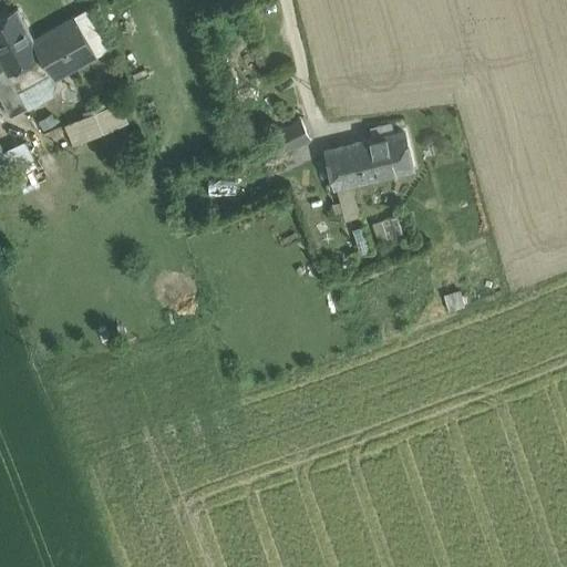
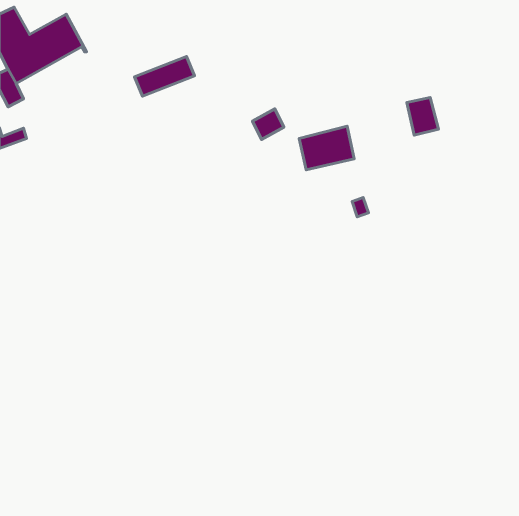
building: [63,104,128,147] -> [134,57,195,96]
building: [378,136,412,177] -> [407,98,438,135]

